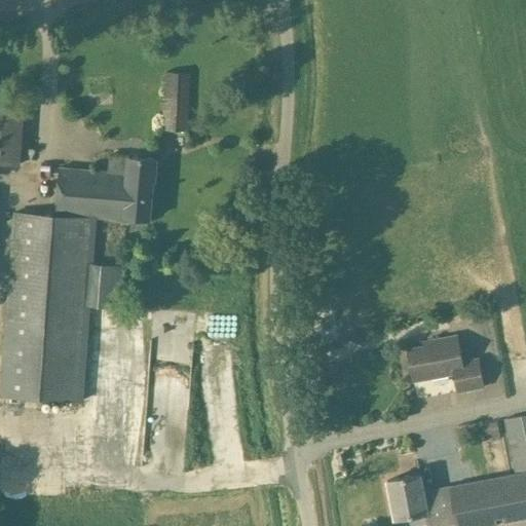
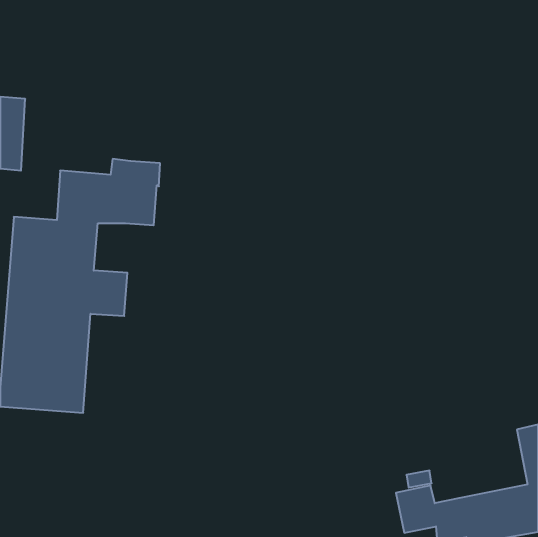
building: [161,73,194,134] -> none
building: [406,337,482,392] -> none

